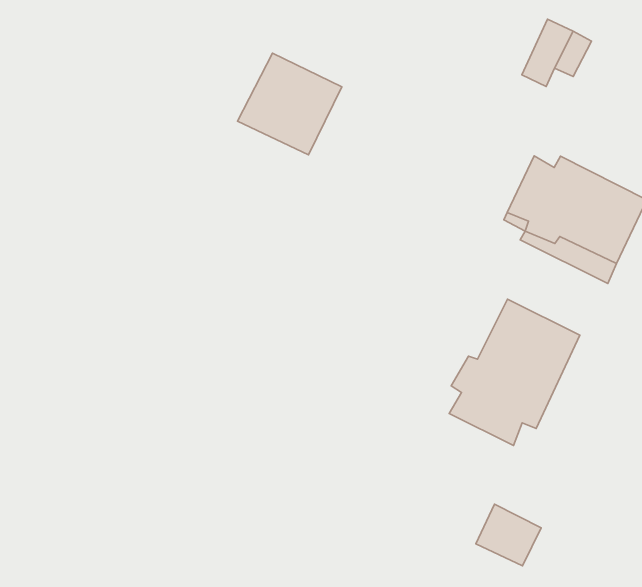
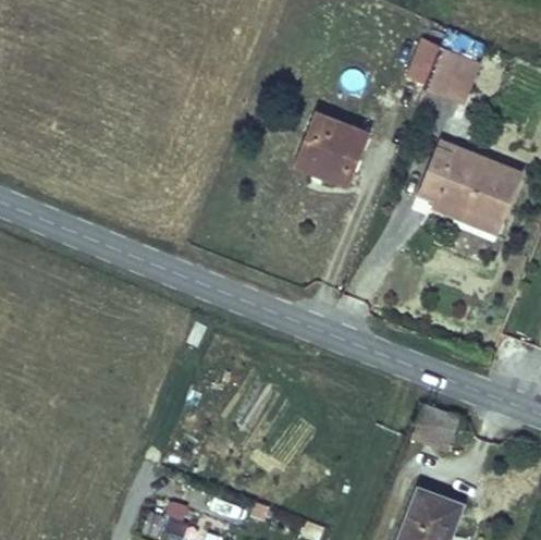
building: [237,53,342,155] -> [293,111,369,185]
building: [449,299,580,446] -> none

